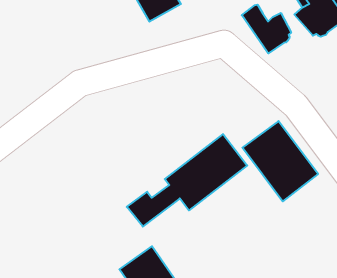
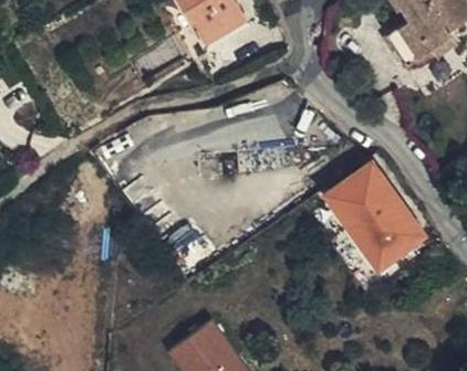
building: [242,5,291,53] -> none
building: [127,134,247,227] -> none

